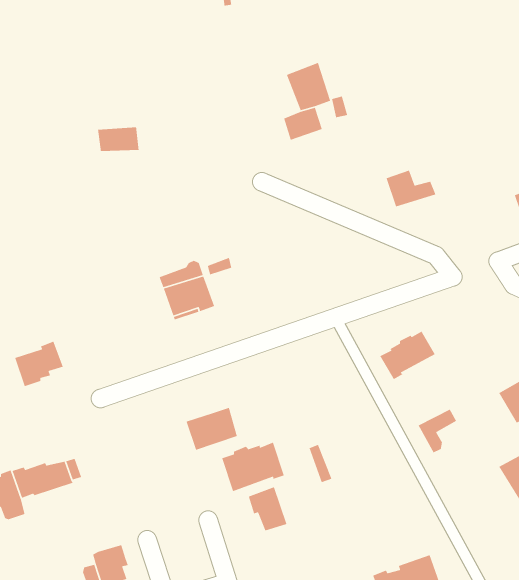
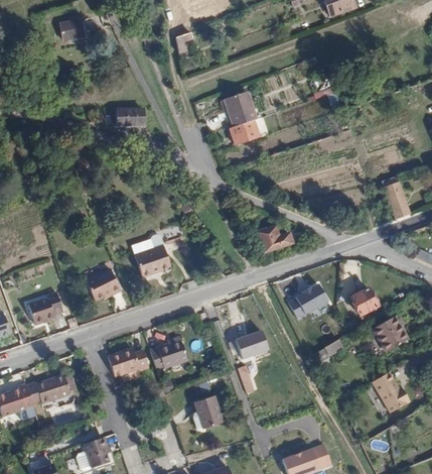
building: [97,126,140,152] -> [117,113,147,131]
building: [386,169,437,208] -> [260,221,296,248]
building: none -> [86,268,121,301]
building: none -> [350,287,381,315]
building: none -> [236,330,268,358]
building: none -> [108,347,149,376]
building: [221,442,285,492] -> none

